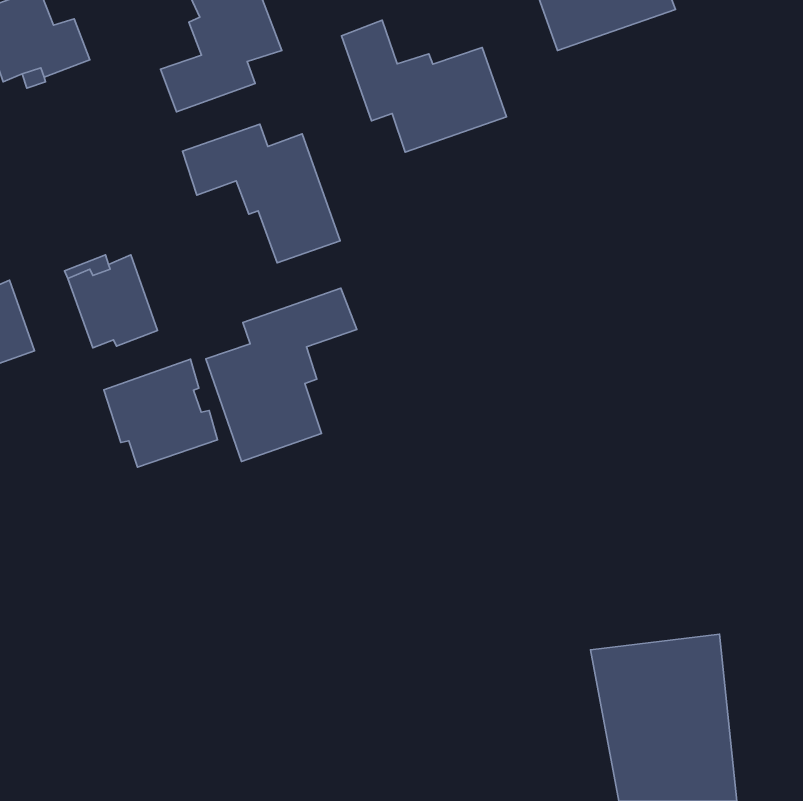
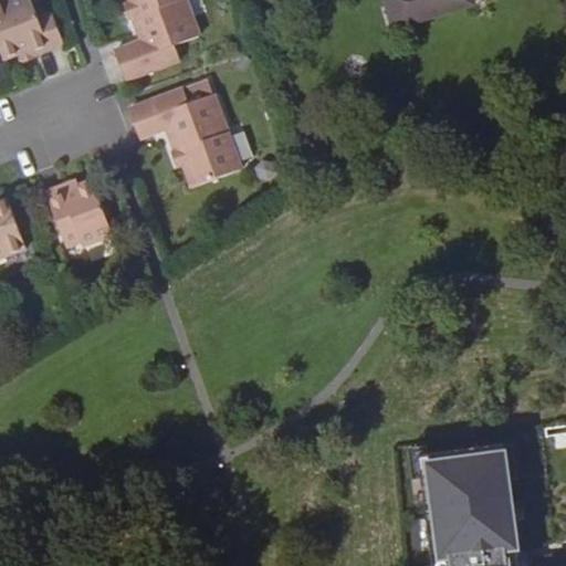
building: [341,20,507,152] -> none
building: [206,288,357,462] -> none
building: [104,359,218,467] -> none

